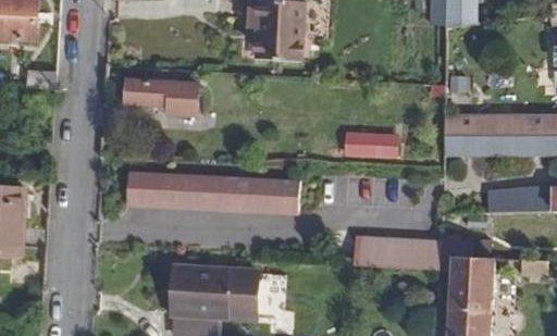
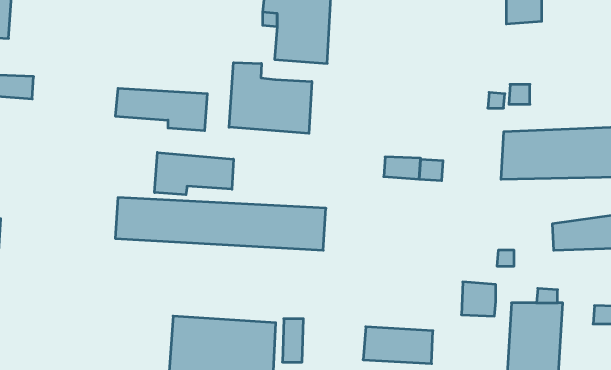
building: none -> [229,63,312,133]
building: none -> [155,152,233,195]
building: [354,237,411,267] -> [363,327,433,364]

